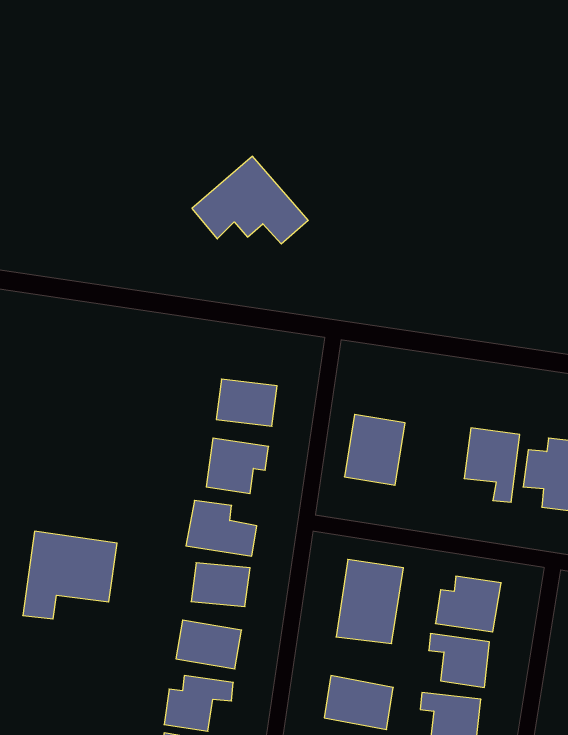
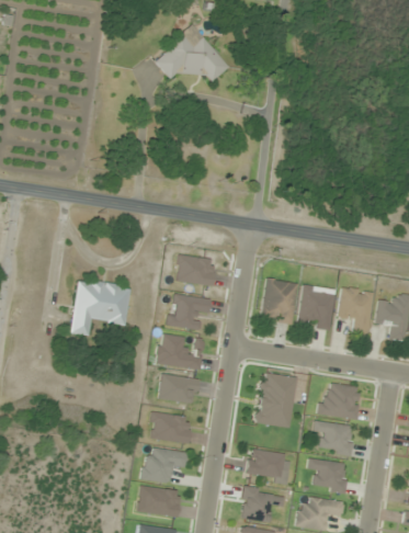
building: [192,156,308,244] -> [154,26,229,83]
building: none -> [297,285,337,331]
building: [23,531,117,619] -> [70,280,132,337]

